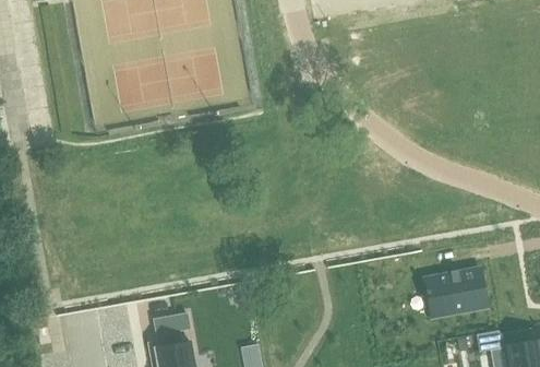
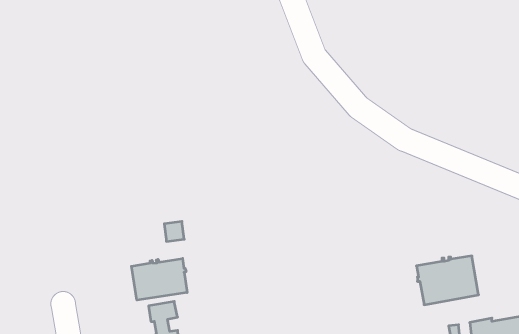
building: none -> [131,258,187,300]

